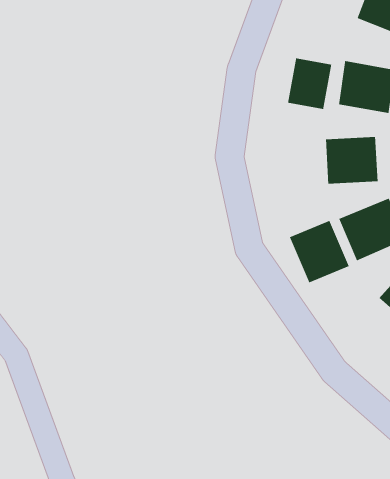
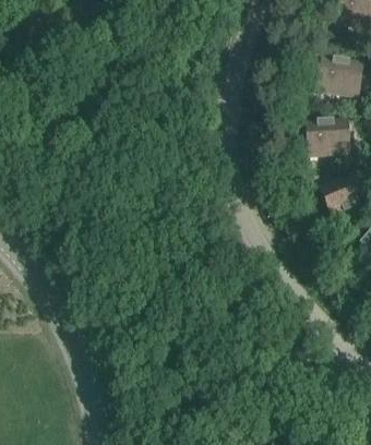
building: [287,57,332,110] -> none
building: [289,220,350,284] -> none

